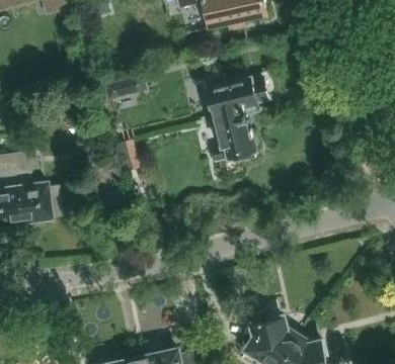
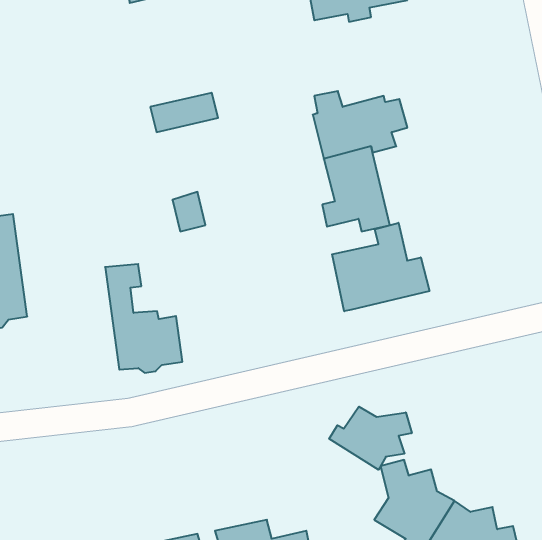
building: [13,151,63,220] -> [105,264,182,373]
building: none -> [332,223,429,311]
building: none -> [329,407,412,470]

